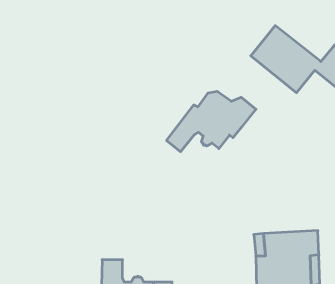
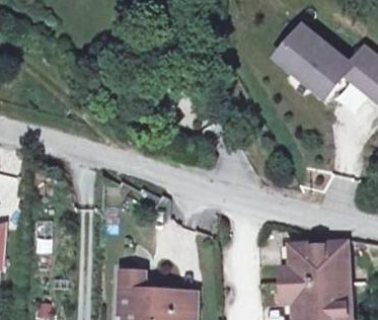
building: [167,91,256,152] -> none

